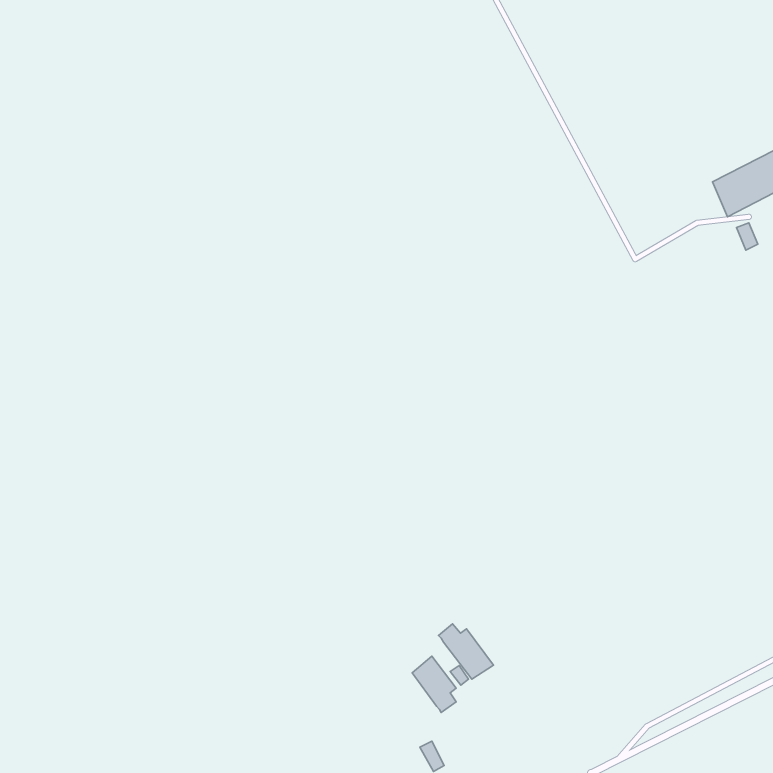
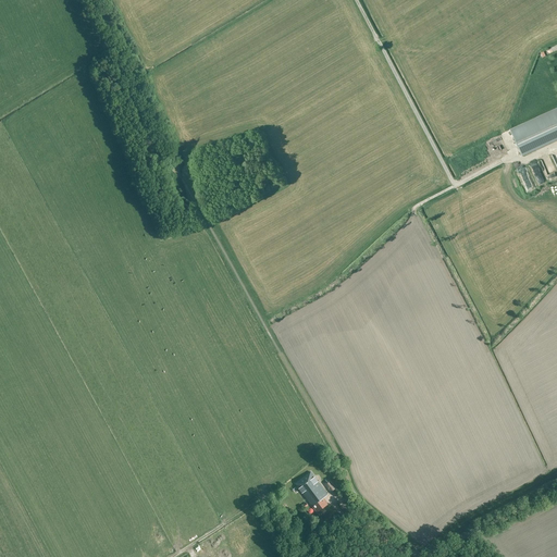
building: [438,624,493,679] -> none

